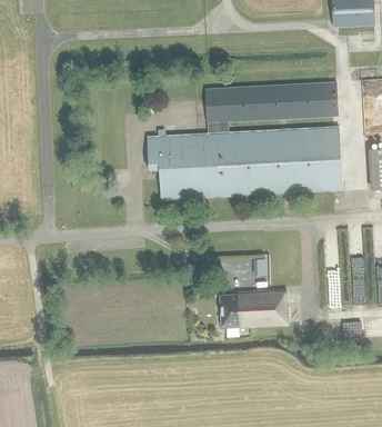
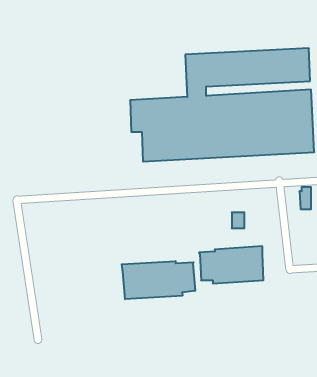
building: none -> [122,261,195,299]

